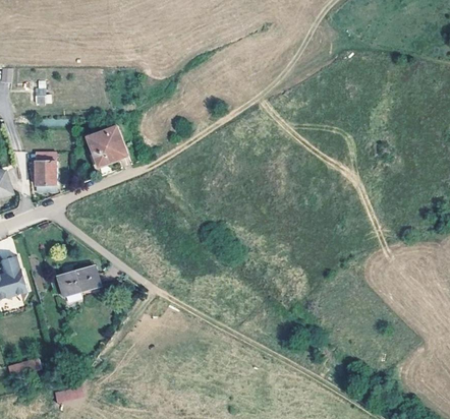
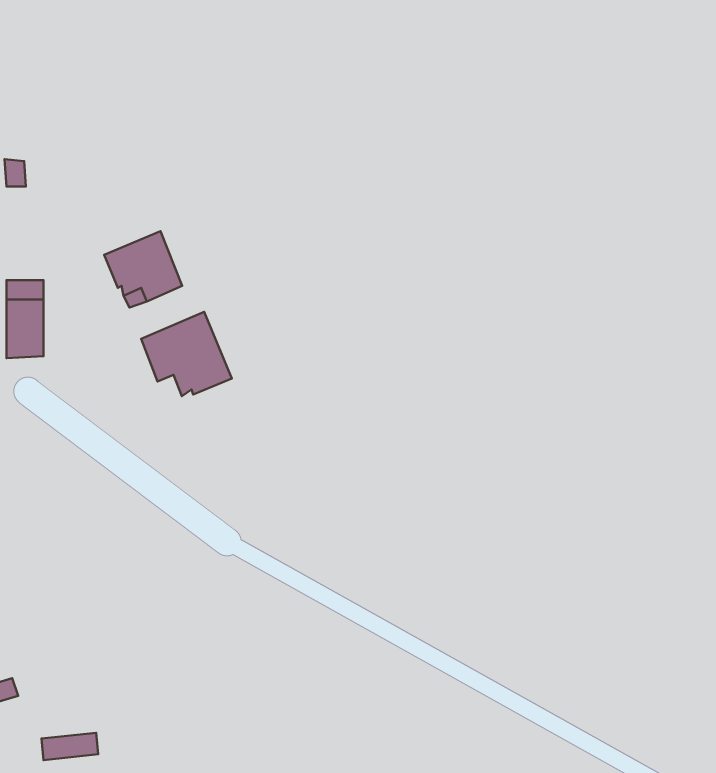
building: none -> [141,312,232,396]
building: [56,266,98,297] -> none

